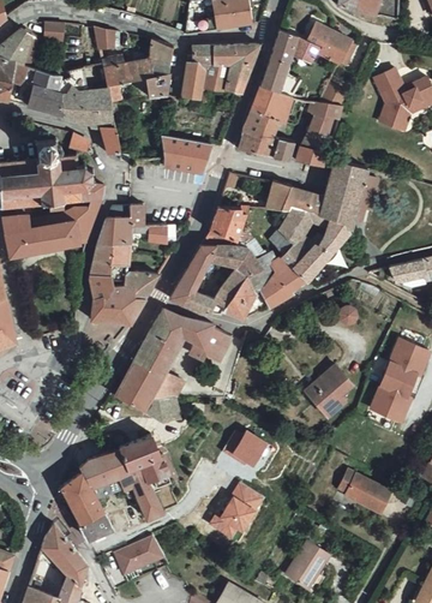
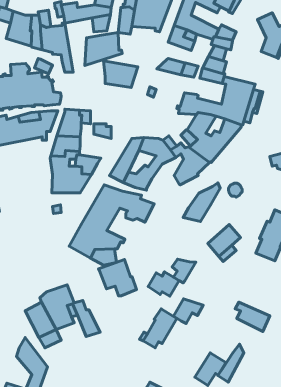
building: none -> [85,32,122,65]
building: [244,111,286,139] -> none
building: [209,208,250,241] -> none
building: [221,267,272,321] -> [183,183,220,222]
building: none -> [172,259,196,283]
building: [109,434,162,484] -> [99,260,137,296]
building: none -> [173,299,203,323]
building: none -> [218,344,244,382]
building: [109,536,160,575] -> none

